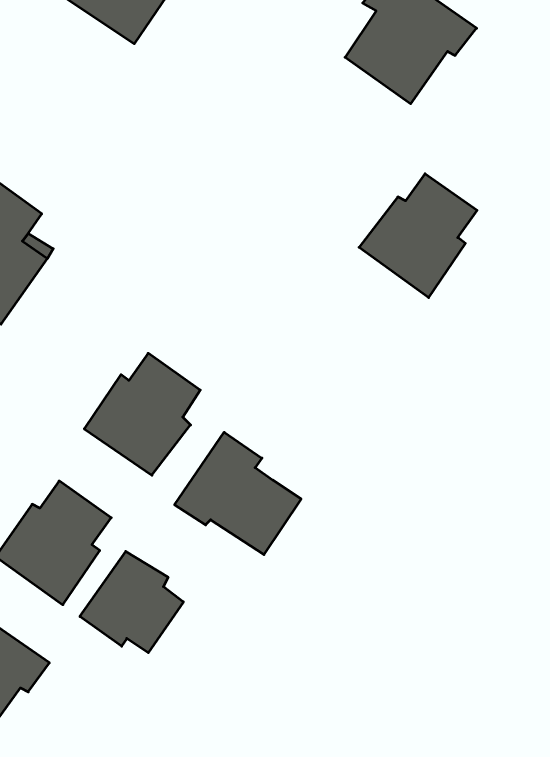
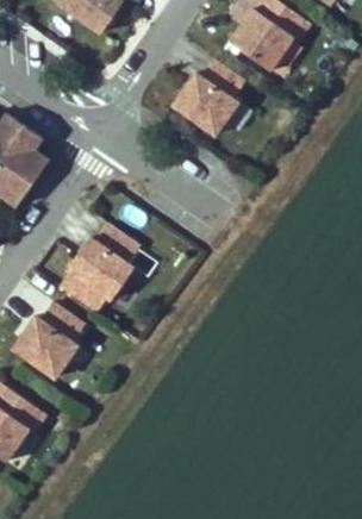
building: [359,174,477,298] -> [171,60,244,136]
building: [175,432,301,555] -> none
building: [80,551,183,653] -> none

